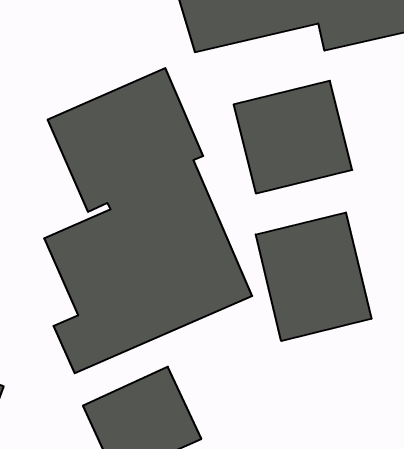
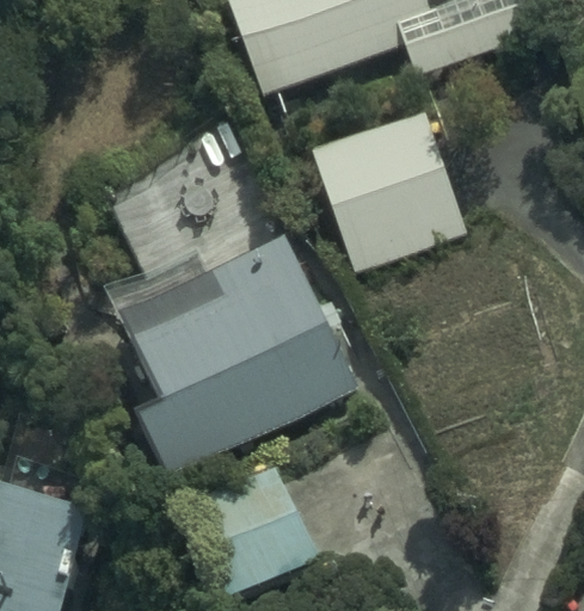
building: [256,212,371,341] -> none

